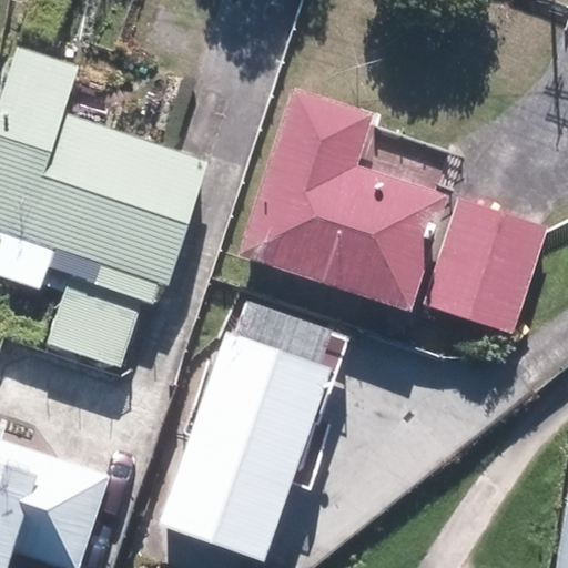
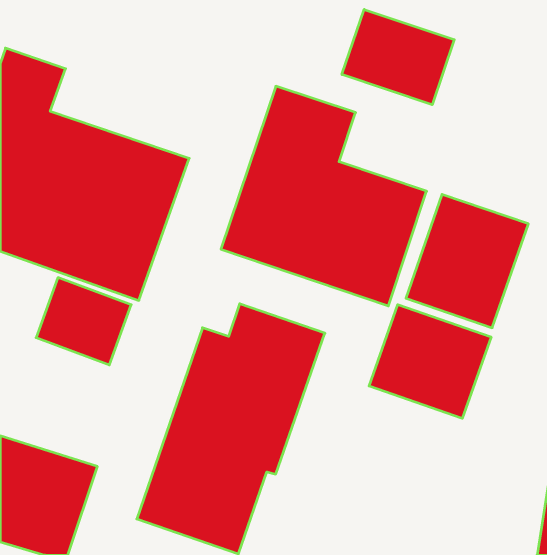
building: none -> [342,9,454,105]
building: none -> [369,305,491,418]

